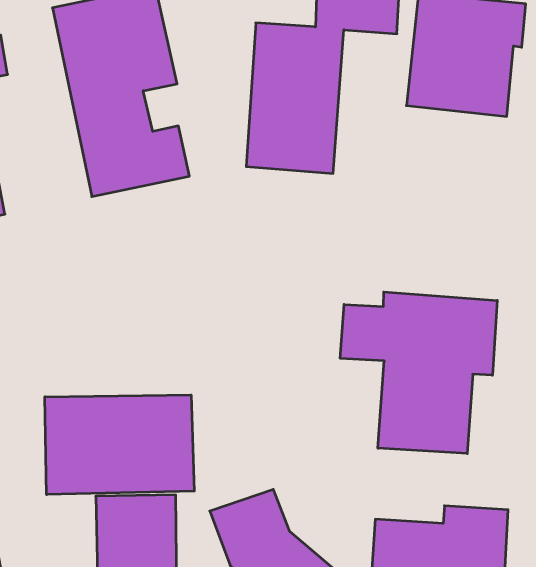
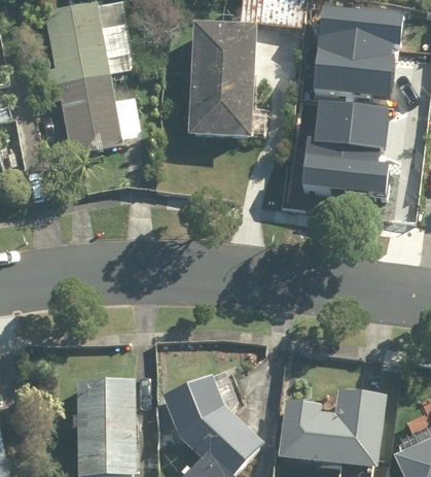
building: none -> [297,95,386,193]
building: [340,292,497,454] -> none
building: [45,395,194,495] -> none

